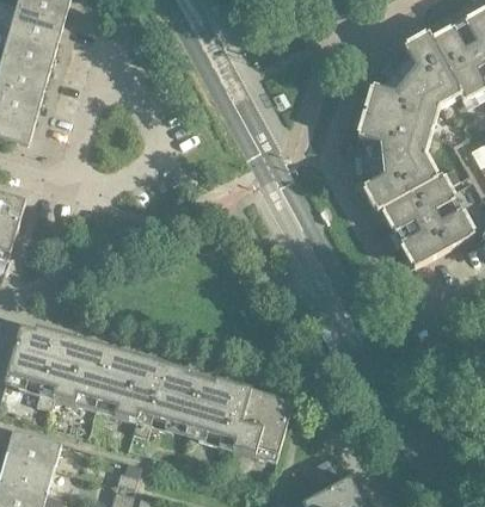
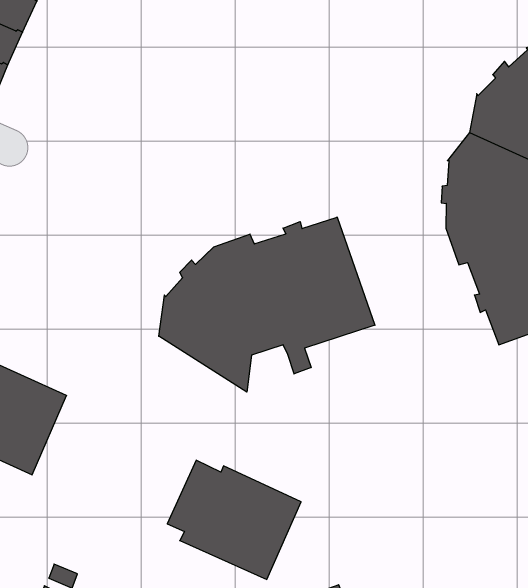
building: none -> [159,217,375,392]
building: [94,350,211,437] -> none

